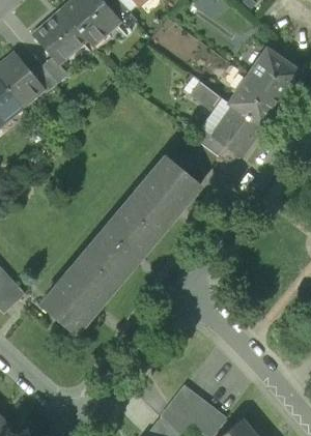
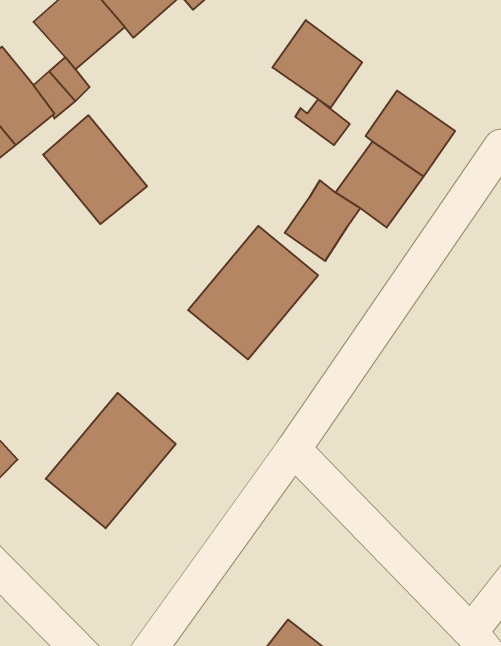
building: [248,49,301,100] -> [272,20,362,108]
building: none -> [43,115,147,224]
building: [83,206,160,285] -> none

